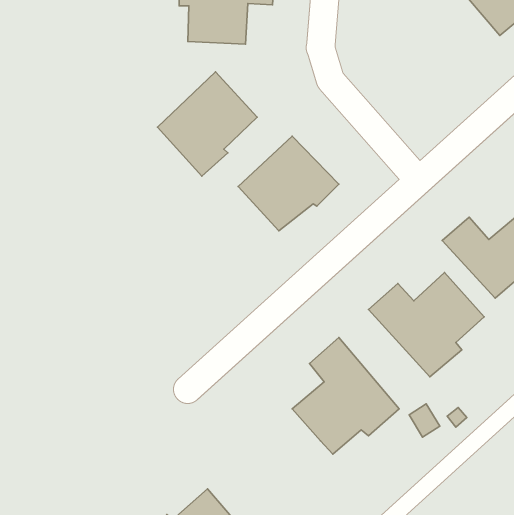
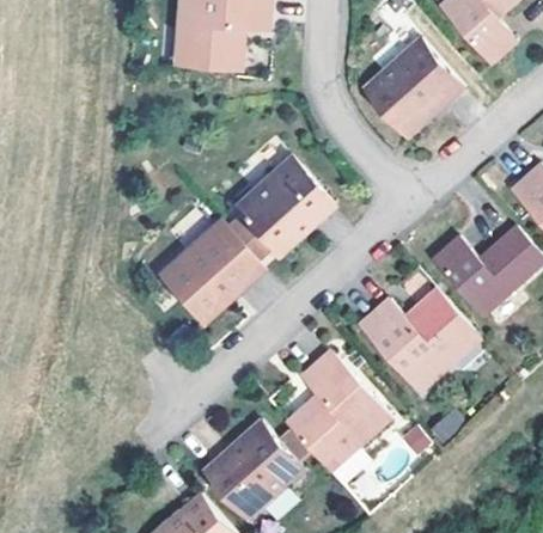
building: none -> [364,33,465,131]
building: [158,72,257,176] -> [161,221,258,323]
building: none -> [205,422,305,520]

